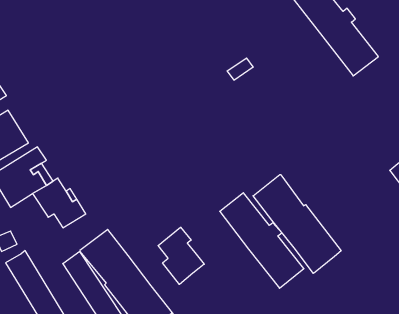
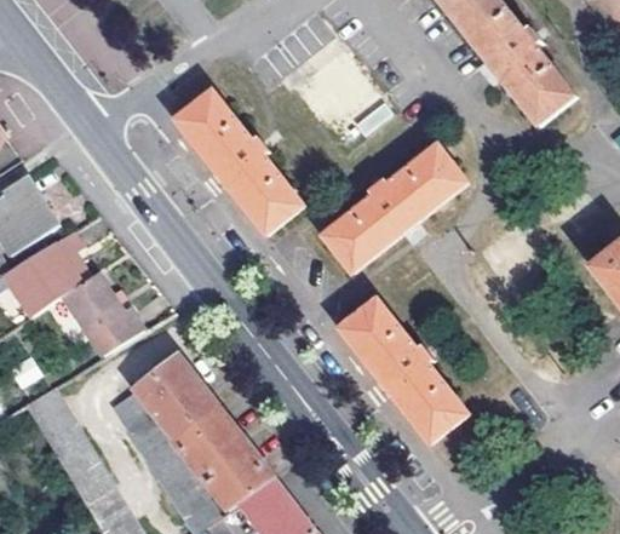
building: none -> [177,90,302,231]
building: none -> [323,147,466,270]
building: [253,175,341,273] -> none
building: [158,227,204,284] -> none

